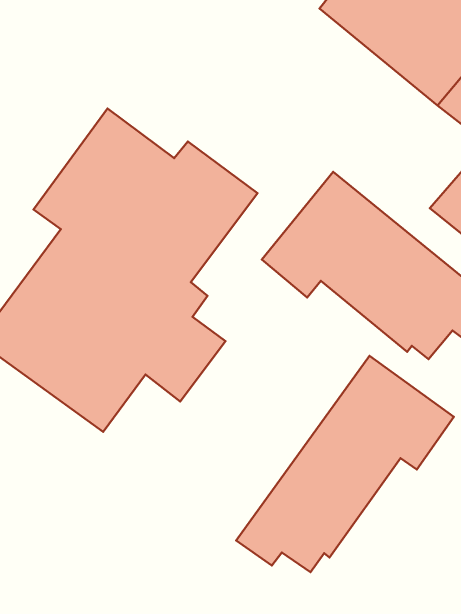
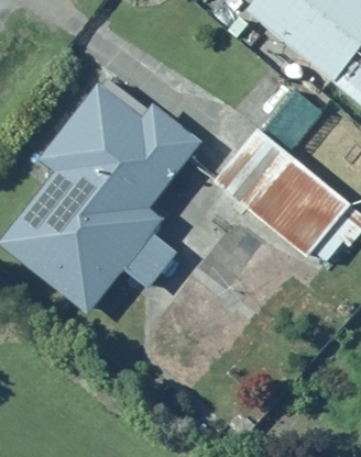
building: [236,356,454,572] -> none

